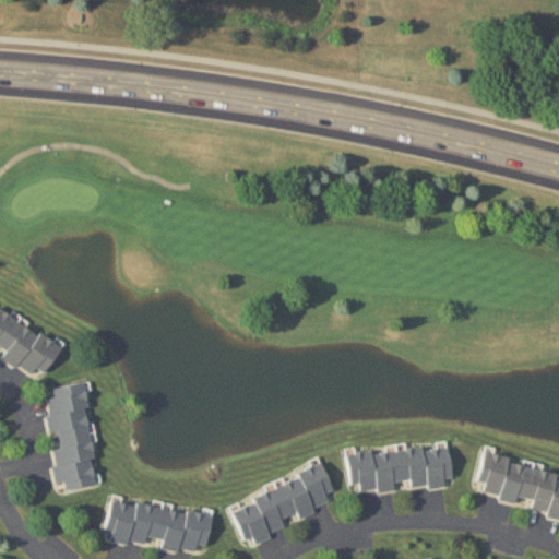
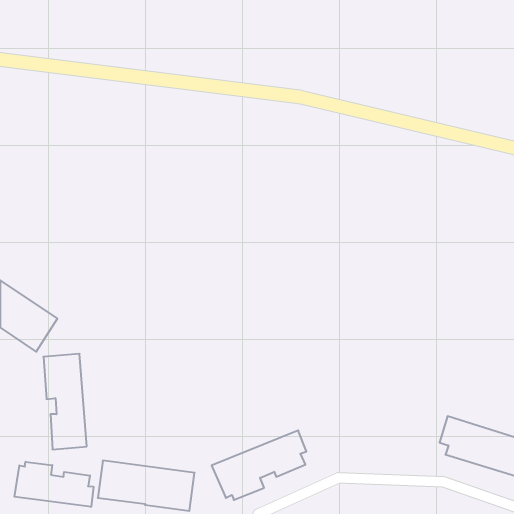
building: [348,444,452,493] -> none
building: none -> [15,462,93,507]

